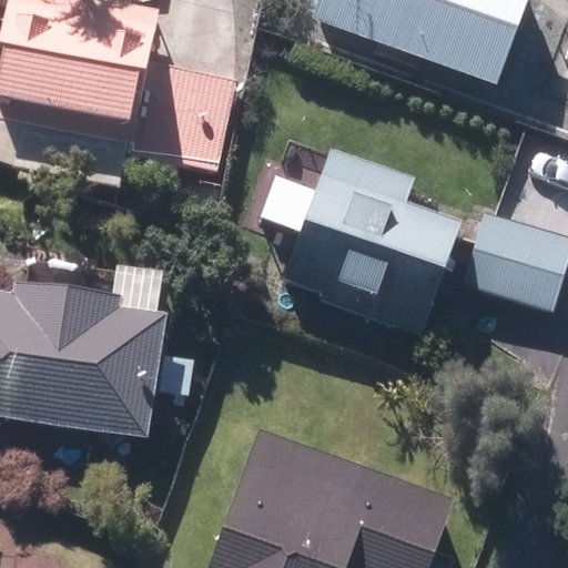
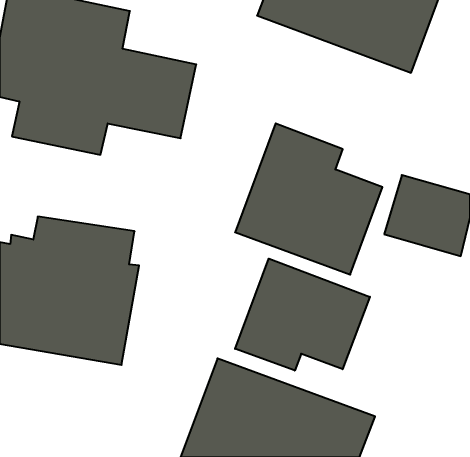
building: none -> [235,259,370,371]

